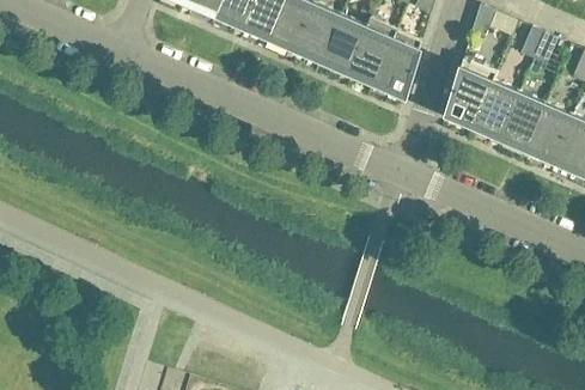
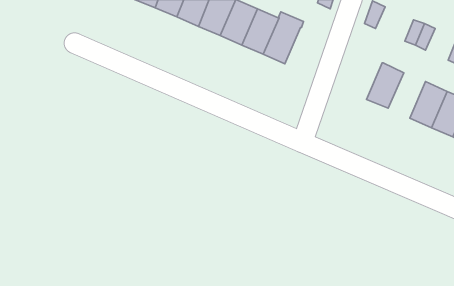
building: [373,32,421,97] -> none
building: [445,60,495,127] -> none
building: [499,95,544,150] -> none

